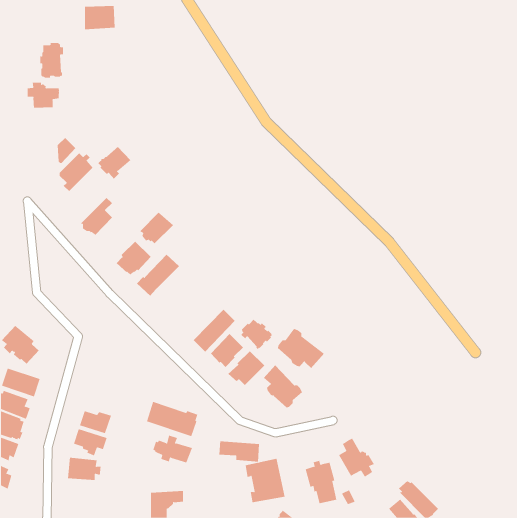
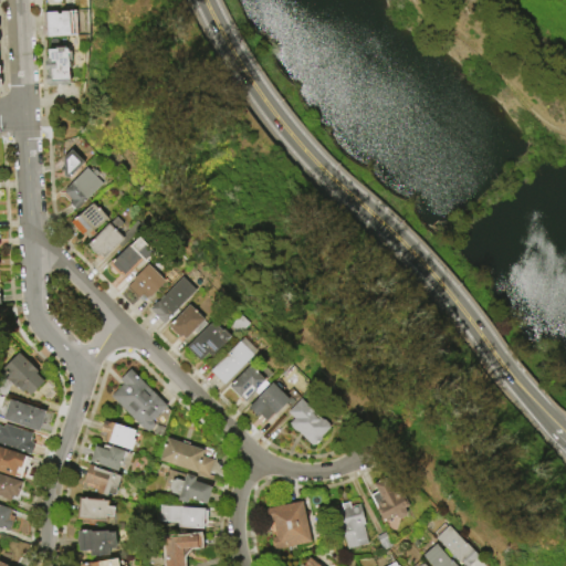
building: [84,6,116,30] -> [44,10,78,36]
building: [27,82,59,108] -> none
building: [97,146,131,180] -> [72,202,108,239]
building: [139,212,174,244] -> [109,241,147,276]
building: none -> [169,304,206,338]
building: none -> [186,325,227,361]
building: [241,319,273,350] -> none
building: [277,328,325,369] -> none
building: none -> [112,368,169,430]
building: none -> [98,421,134,450]
building: [218,441,260,462] -> [161,505,207,528]
building: none -> [76,531,115,557]

